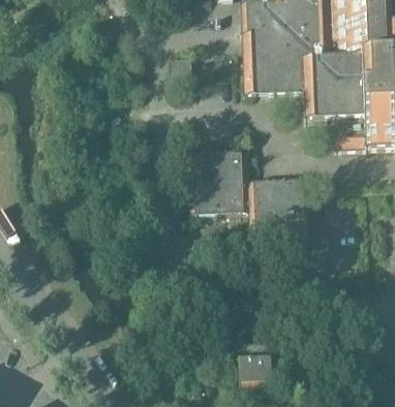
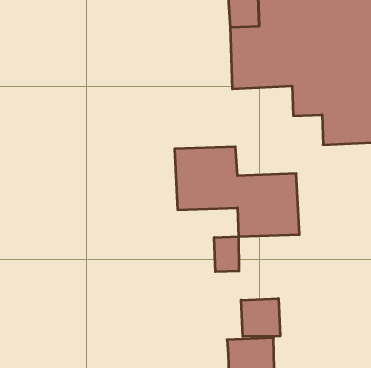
building: none -> [214,237,239,272]
building: none -> [241,298,280,336]

